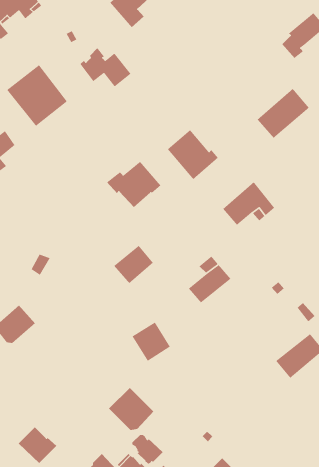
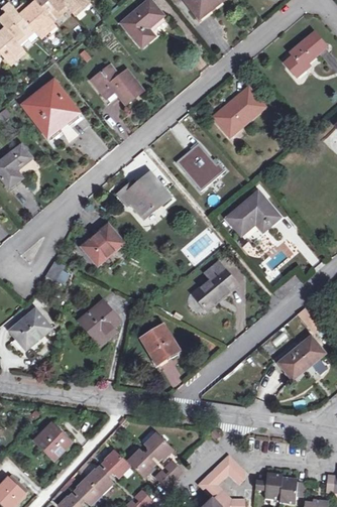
building: [257,88,310,139] -> [213,87,263,135]
building: [113,245,154,284] -> [83,226,121,263]
building: none -> [79,301,119,341]
building: [108,387,154,431] -> none

